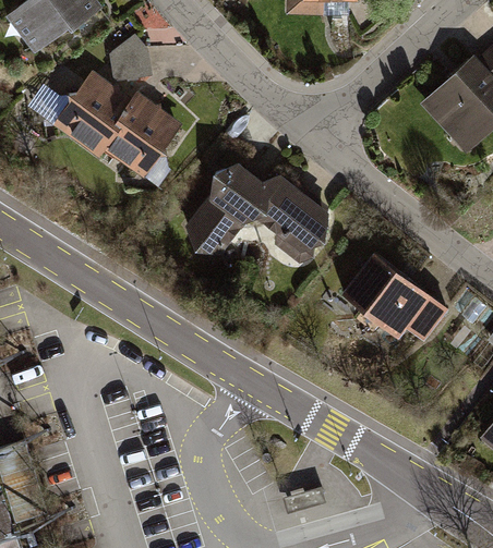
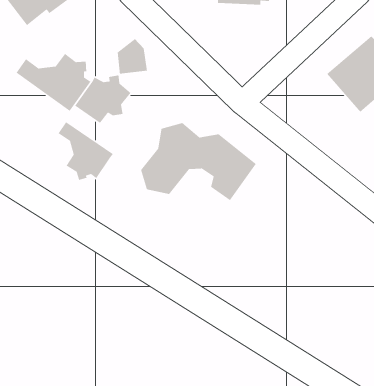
building: [111,35,151,81] -> [117,38,148,75]
building: none -> [57,121,114,181]
building: [326,249,445,339] -> none

